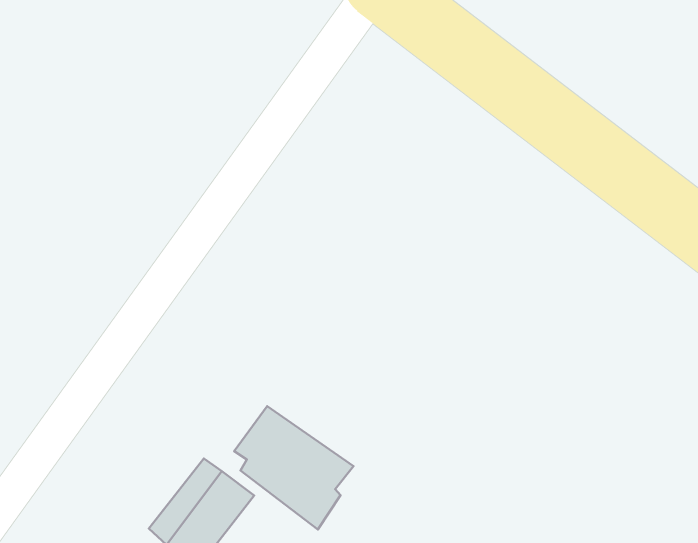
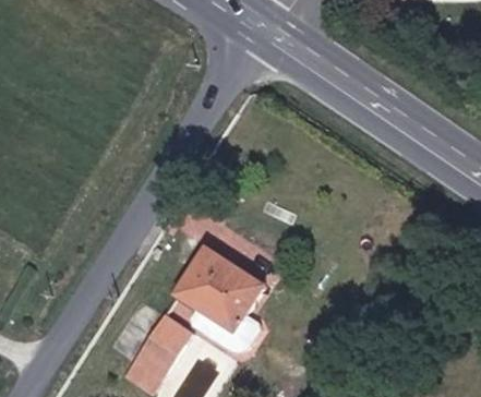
building: none -> [177,246,263,300]

